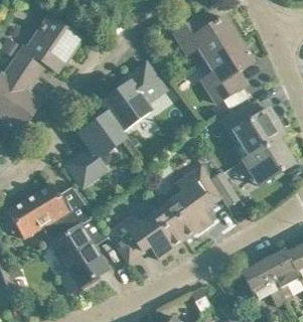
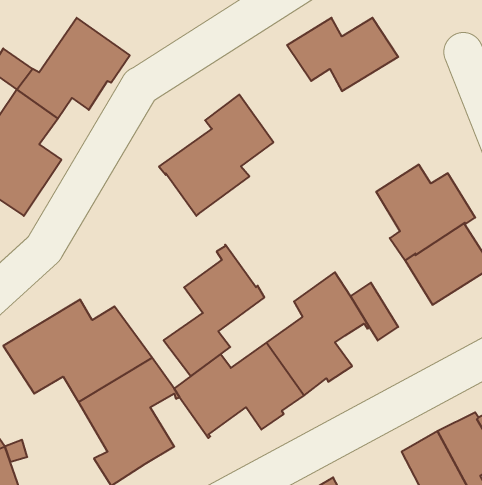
building: [201,39,253,109] -> none
building: [65,108,125,185] -> [164,245,264,376]

